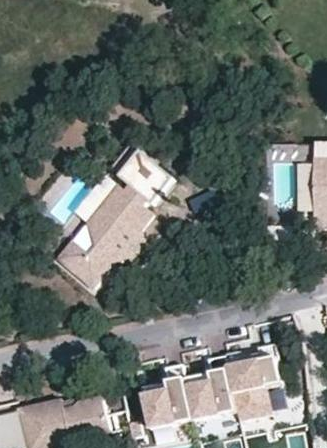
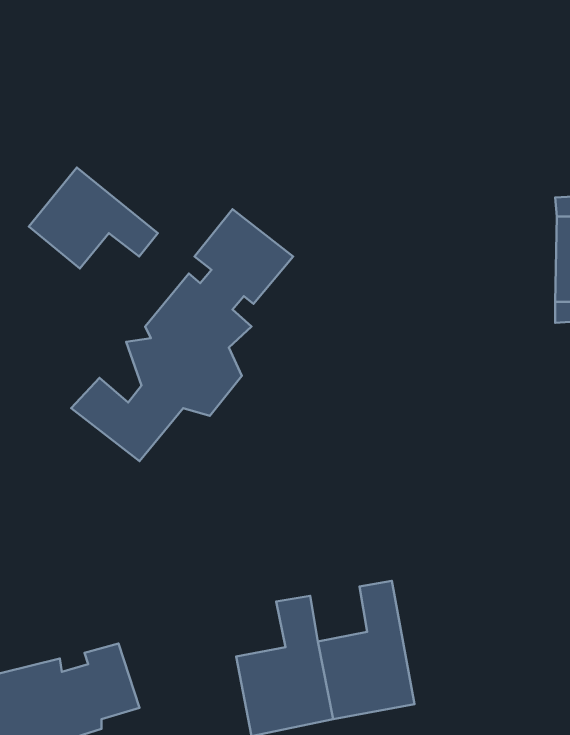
building: none -> [29,168,158,268]
building: [224,339,281,424] -> none

